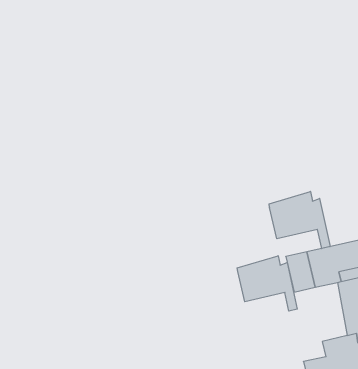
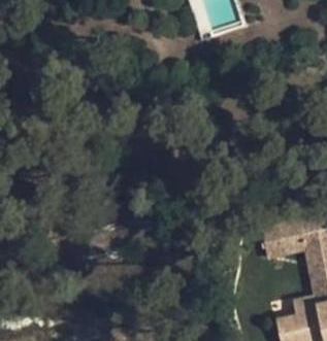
building: [269,191,330,249] -> none
building: [237,256,297,311] -> none

